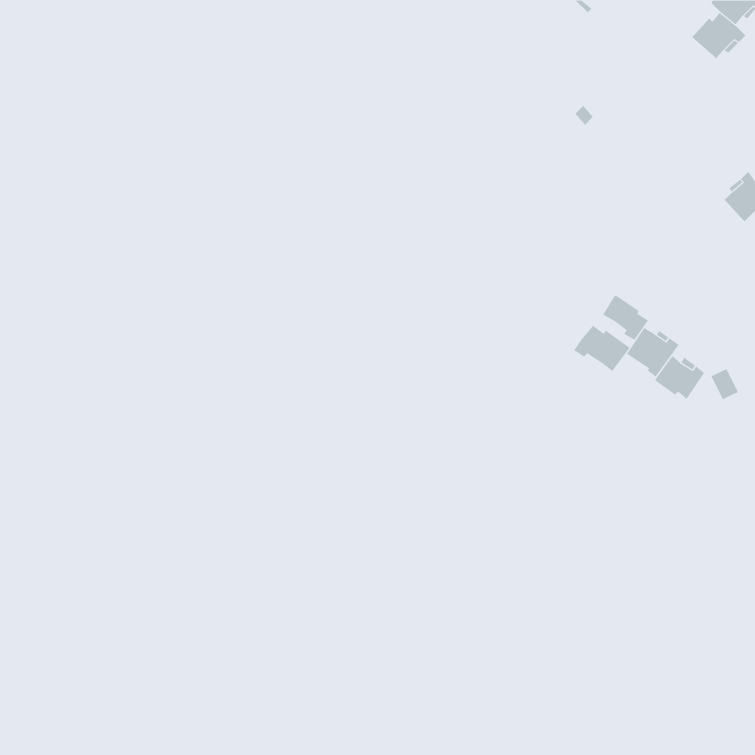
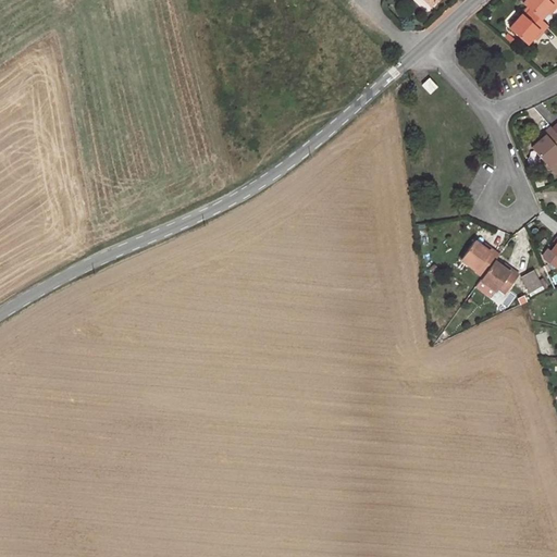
building: [602,294,649,341] -> none
building: [574,325,630,372] -> none

